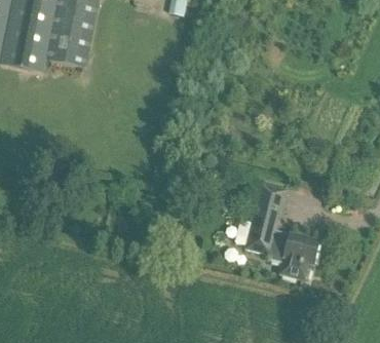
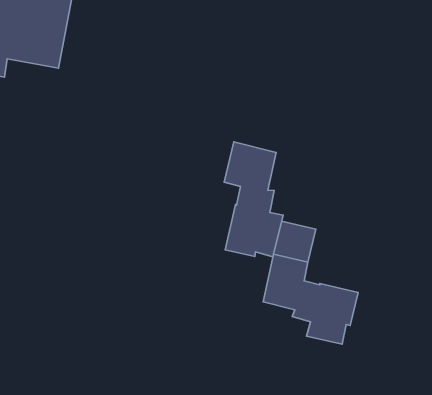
building: none -> [224,142,283,257]

